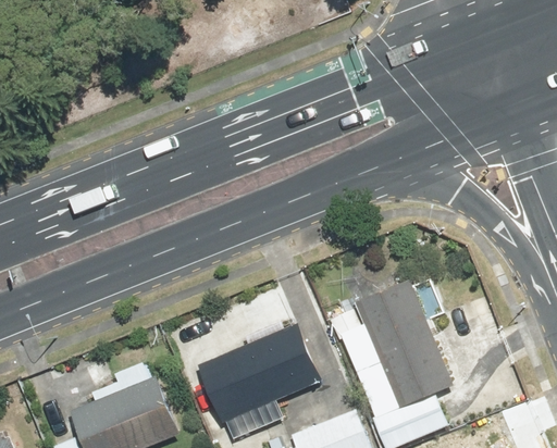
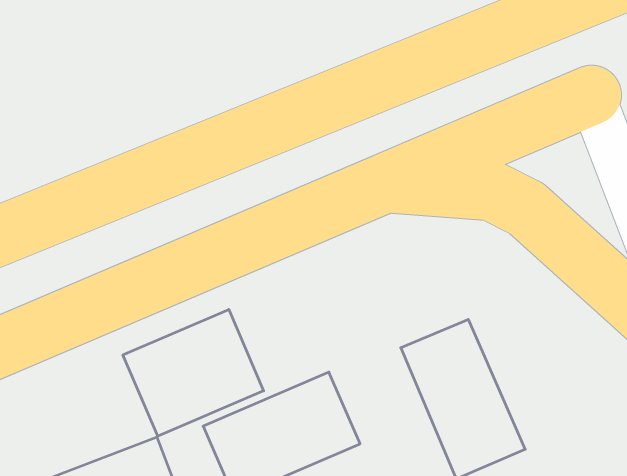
building: none -> [123,309,264,436]

